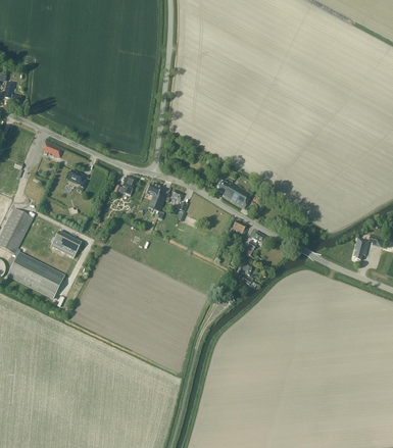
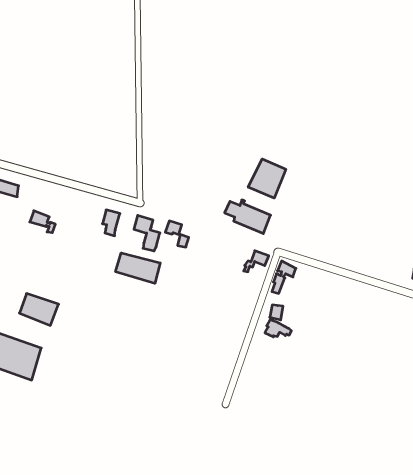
building: none -> [248,159,286,198]
building: none -> [116,253,160,283]

